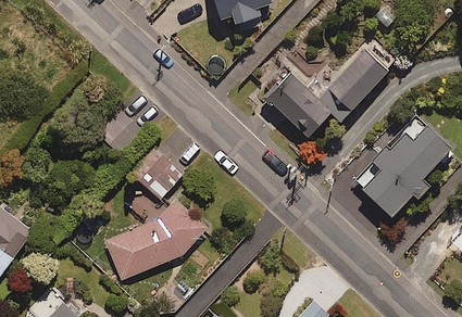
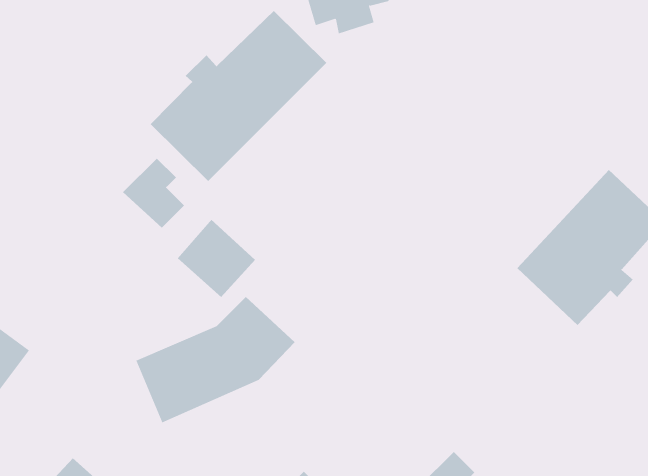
building: none -> [150,10,327,182]
building: [266,37,397,138] -> none

